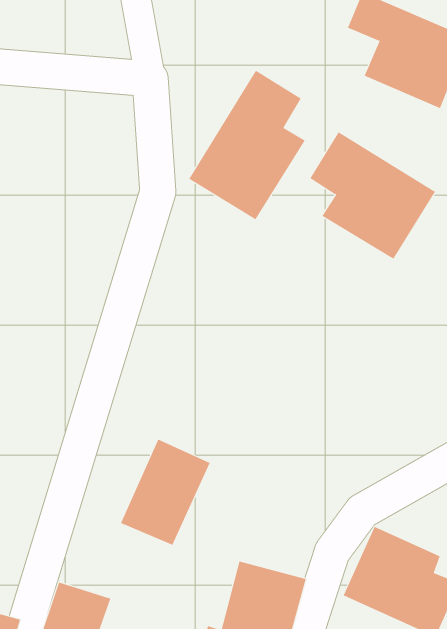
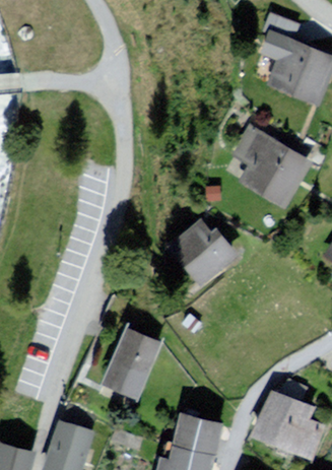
building: [189,70,306,220] -> none
building: none -> [167,219,239,283]

